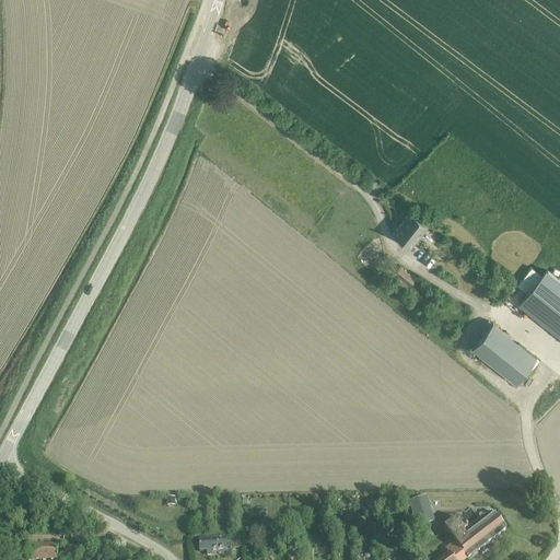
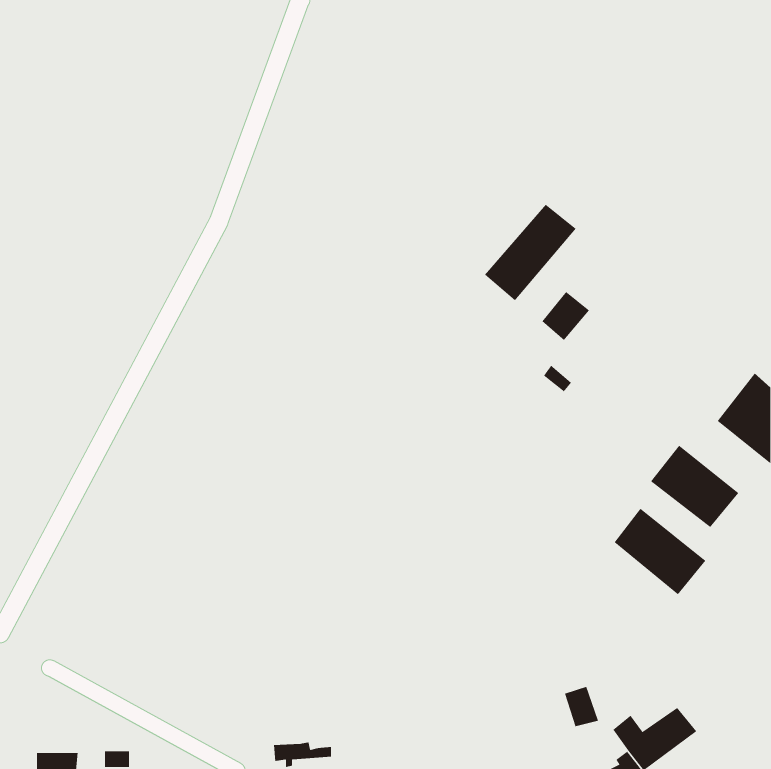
building: none -> [484,204,576,301]
building: none -> [614,508,706,595]

